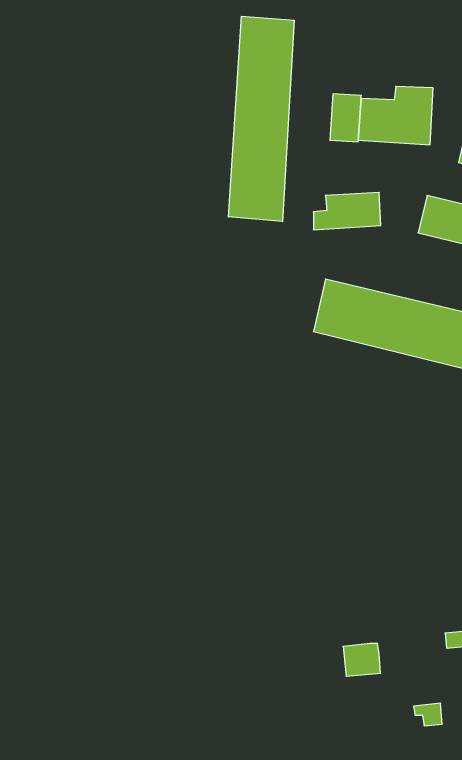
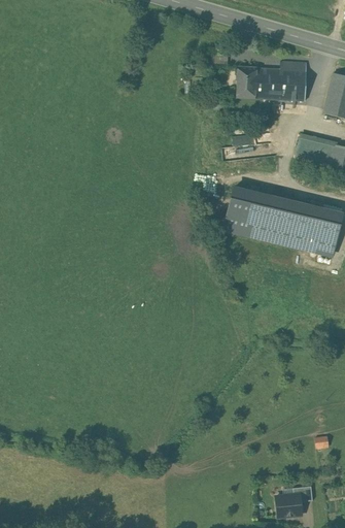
building: [228,16,294,222] -> none
building: [343,643,381,676] -> [275,494,301,517]

